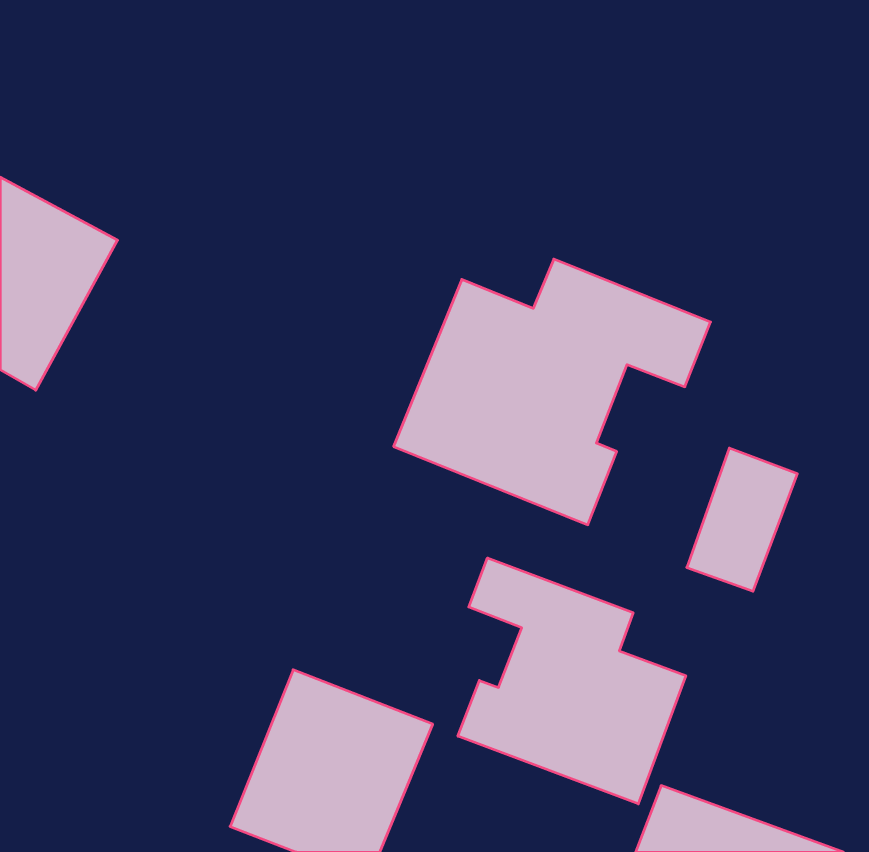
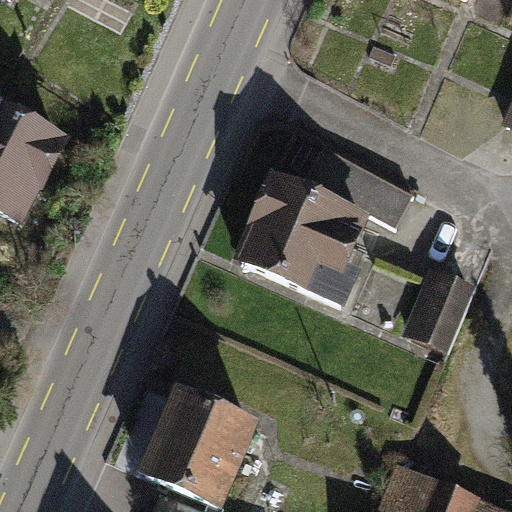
building: [458,558,686,804] -> none

